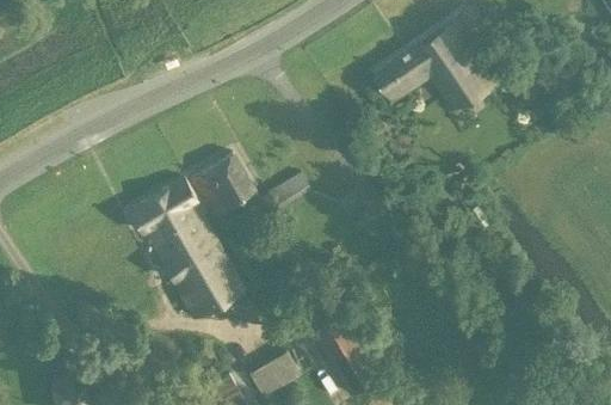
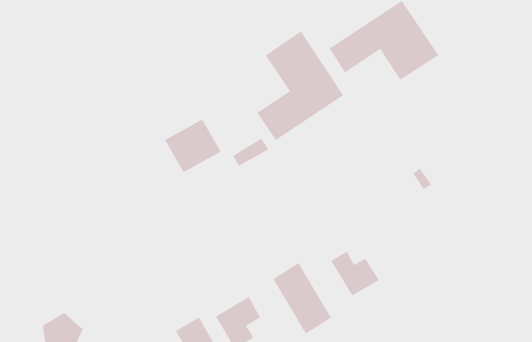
building: none -> [257,31,344,141]
building: [128,180,245,318] -> none
building: none -> [331,251,380,296]

